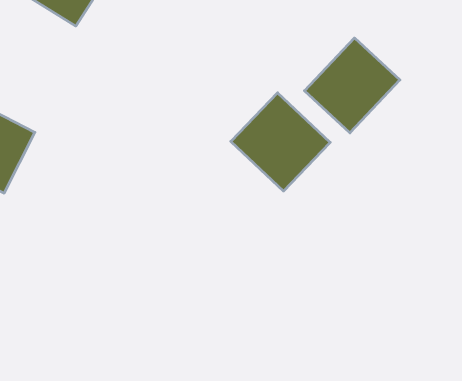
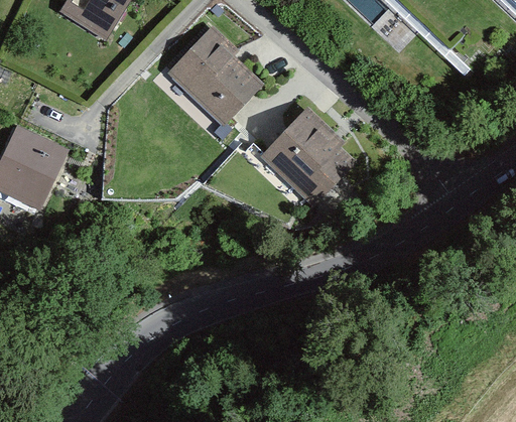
building: none -> [167,27,265,125]
building: [304,38,400,133] -> none

